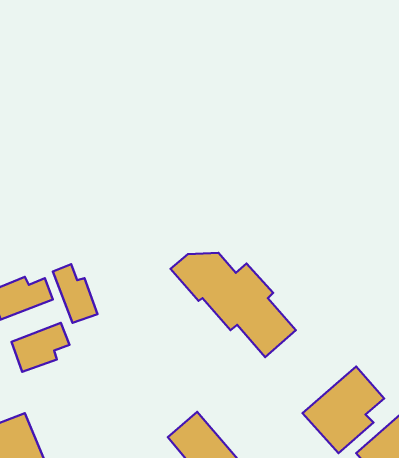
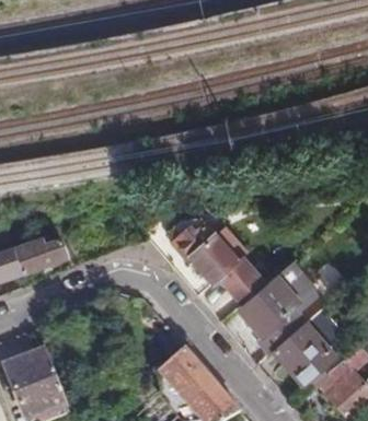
building: [53,264,98,323] -> none
building: none -> [235,260,315,353]
building: [12,323,70,372] -> none

